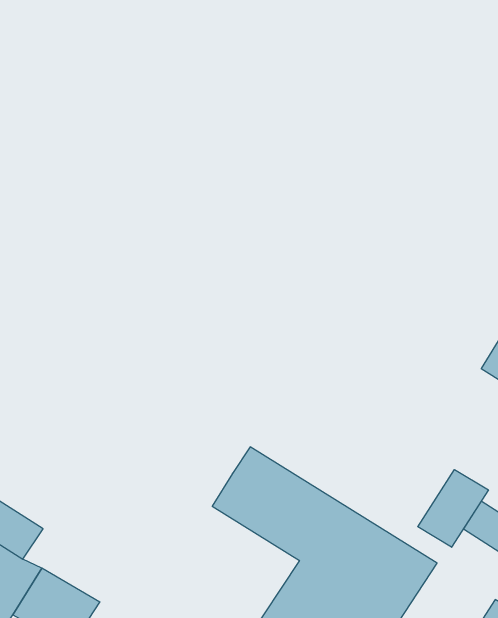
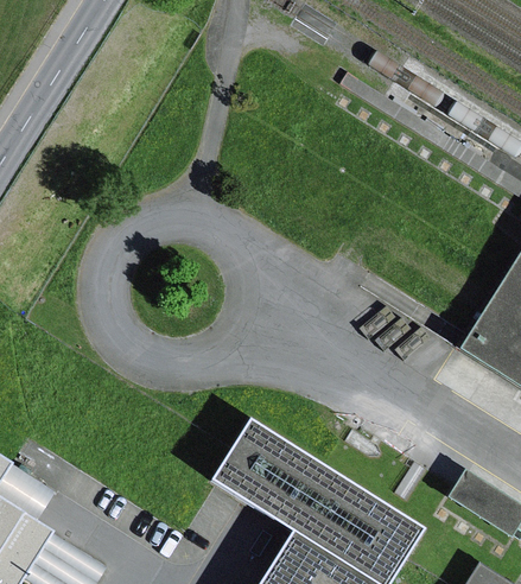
building: [418,470,488,547] -> none

